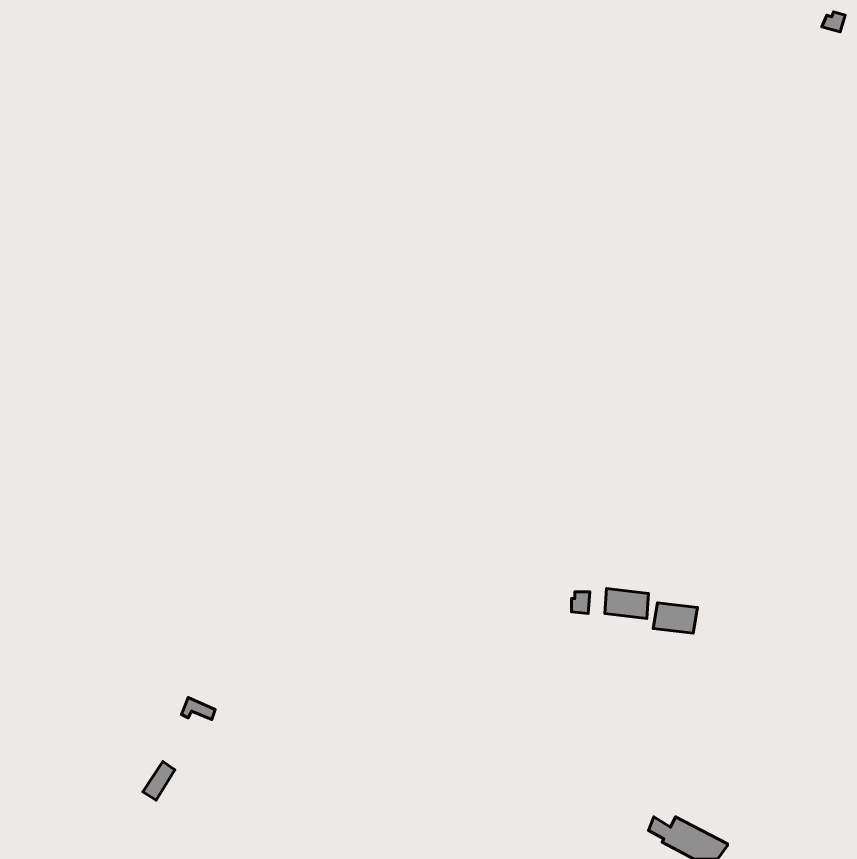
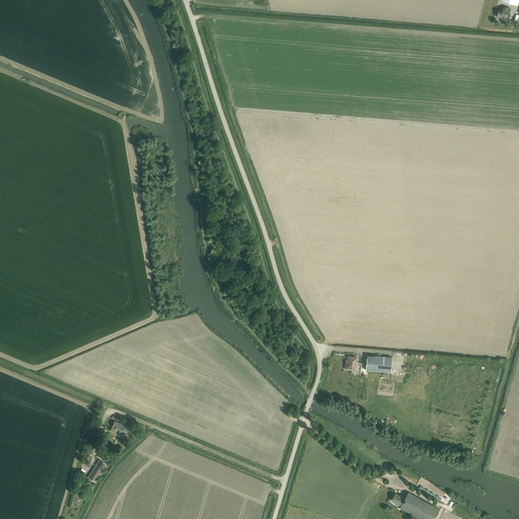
building: [653,603,697,633] -> none

